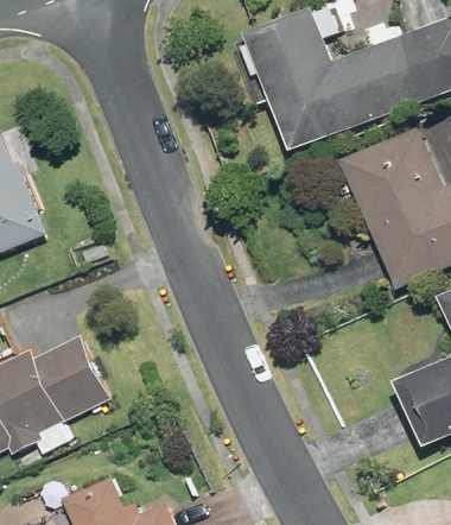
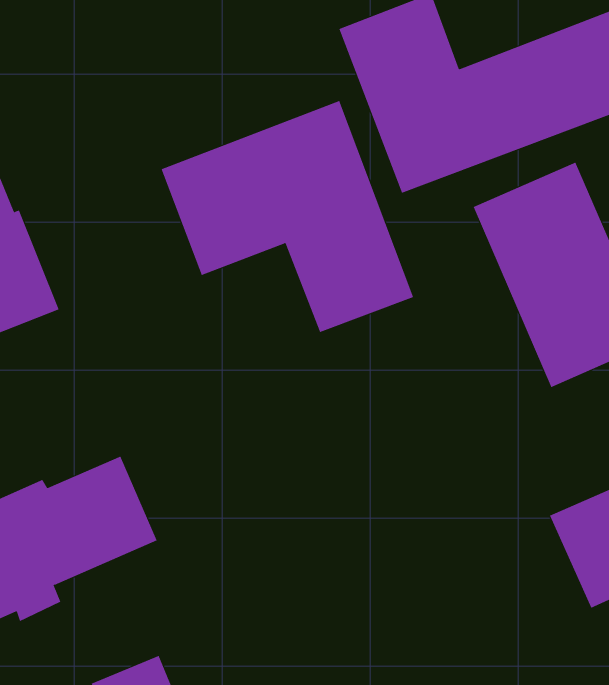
building: none -> [161,100,414,333]

